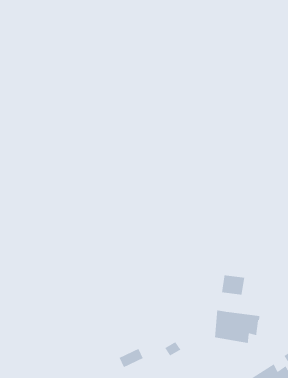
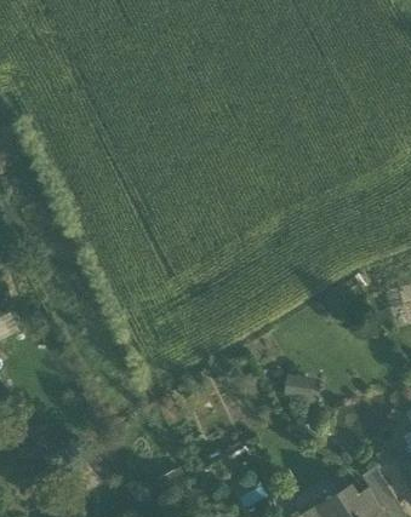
building: [214,309,260,344] -> none

